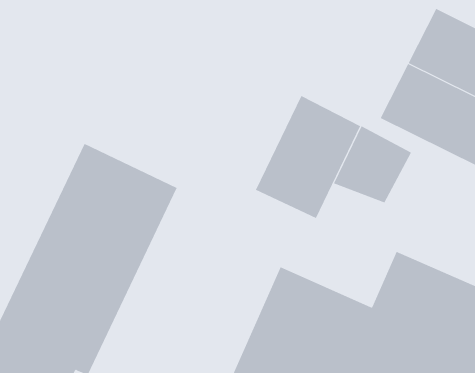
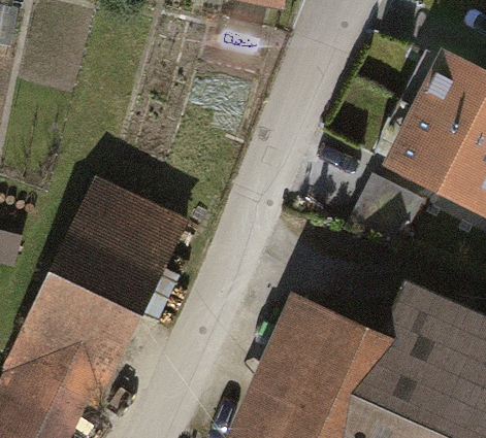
building: [255,95,361,219] -> none

